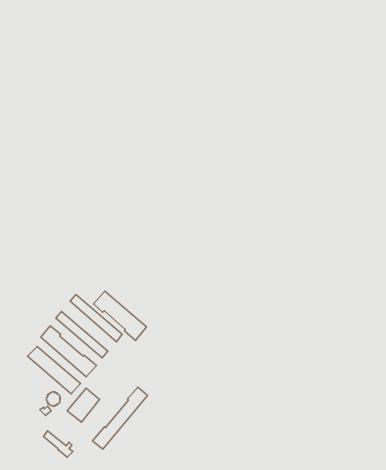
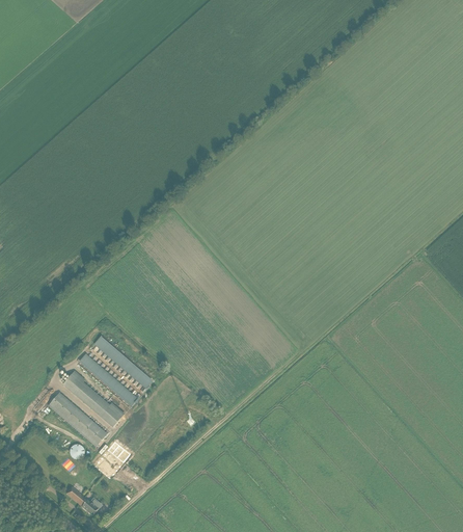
building: [93,291,147,340] -> none
building: [92,387,147,449] -> none

